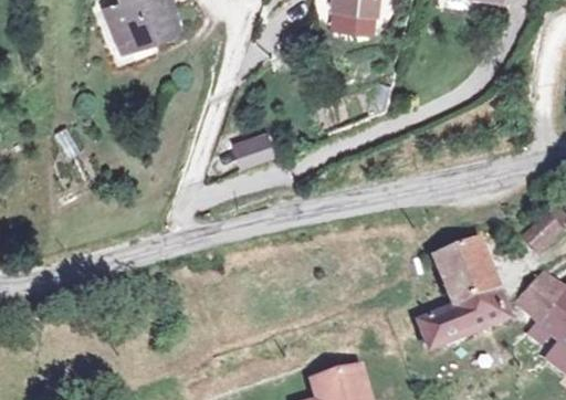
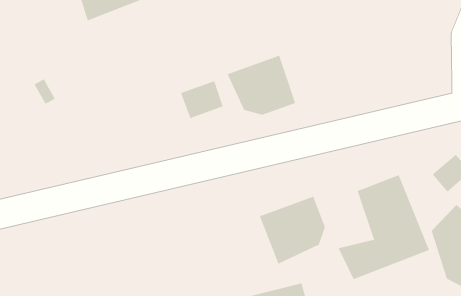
building: none -> [227,55,296,116]
building: none -> [259,196,326,265]

